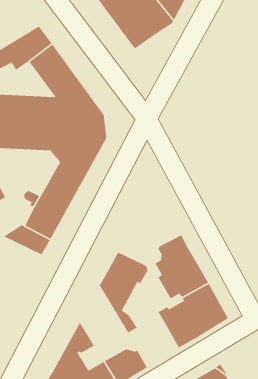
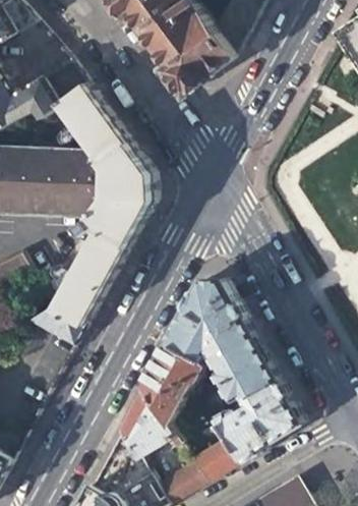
building: none -> [164,279,242,358]
building: none -> [117,383,176,457]
building: none -> [186,437,238,484]

